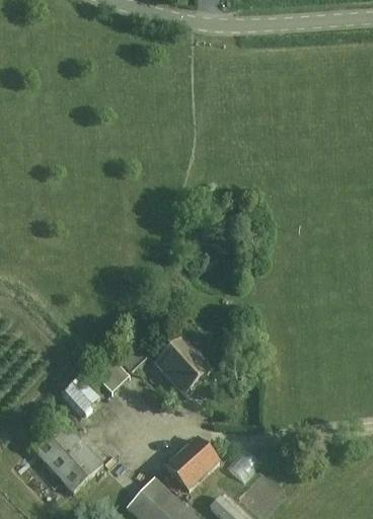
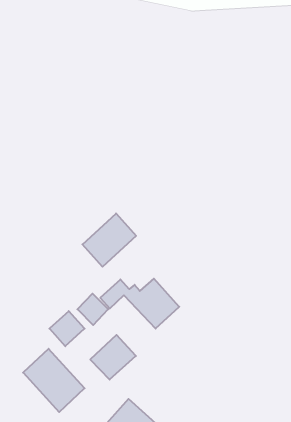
building: none -> [82,213,136,267]
building: [166,437,219,489] -> [90,335,136,380]

